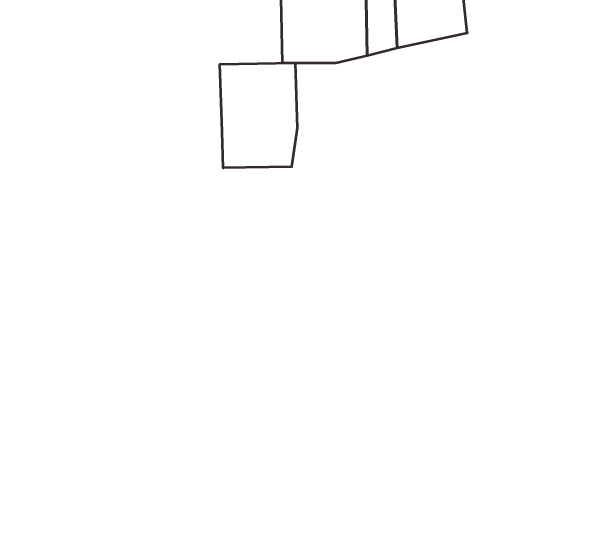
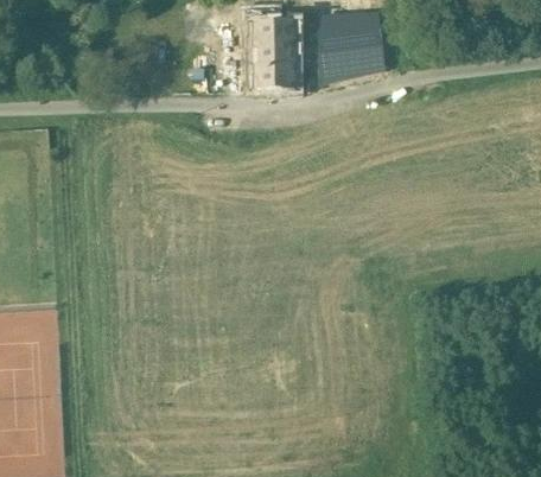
building: [220,63,297,168] -> none

